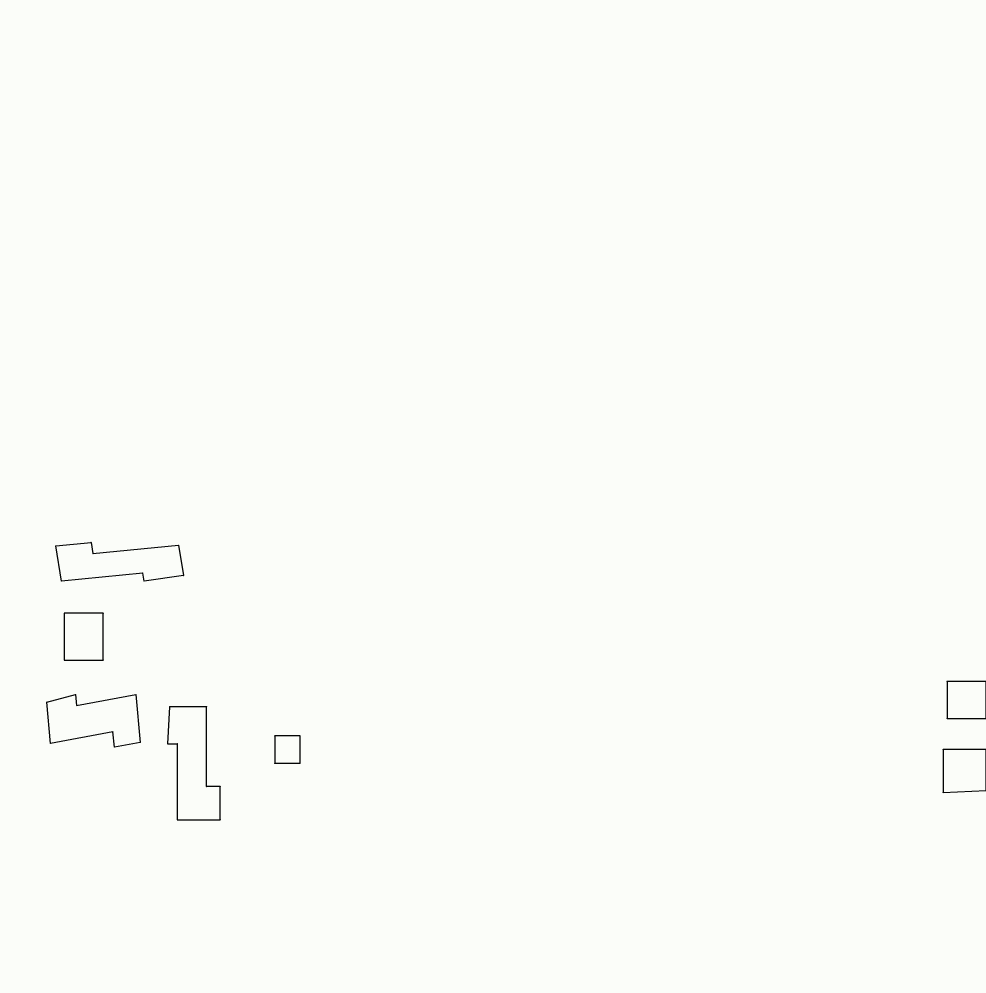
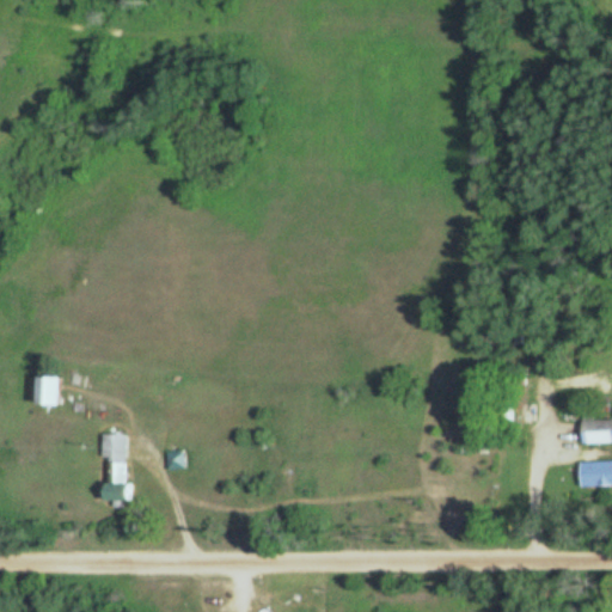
building: [56,542,183,581] -> none
building: [47,695,140,747] -> none

